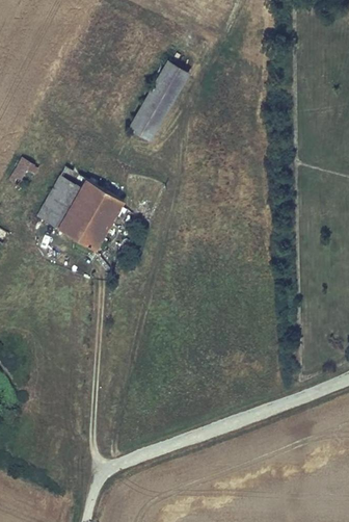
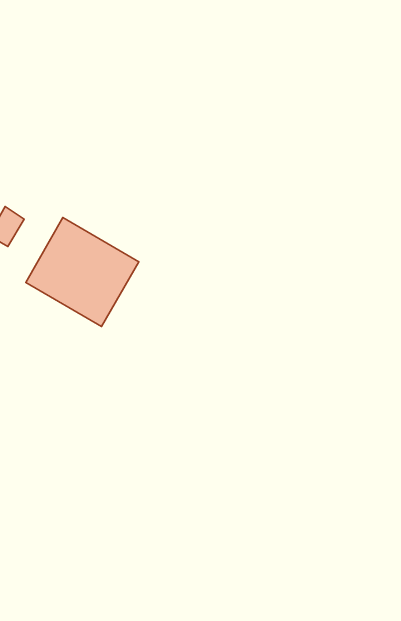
building: [128,61,188,141] -> none

